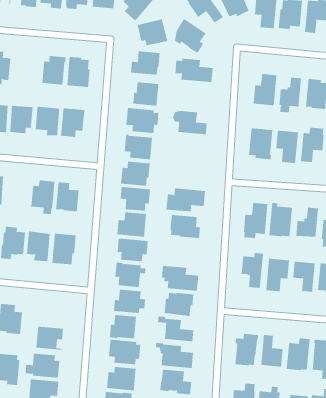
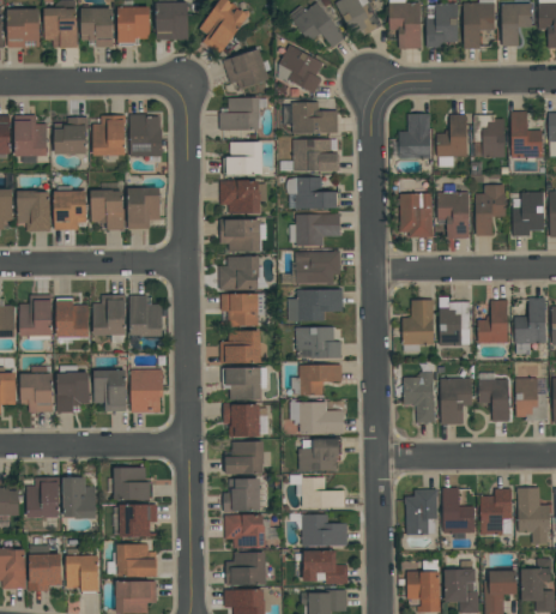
building: none -> [54,118,87,154]
building: none -> [292,139,337,171]
building: none -> [289,215,339,246]
building: none -> [295,251,340,284]
building: none -> [56,297,89,341]
building: none -> [291,365,342,396]
building: none -> [108,468,153,500]

